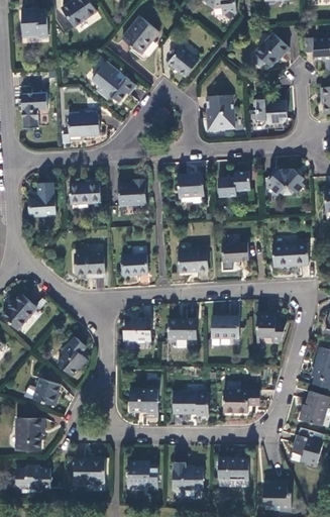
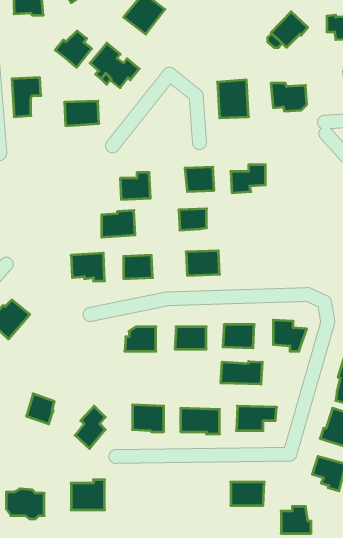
building: [169,46,198,77] -> none
building: none -> [55,31,92,67]
building: [268,169,304,195] -> none
building: [70,180,100,204] -> [102,210,135,237]
building: [27,182,56,217] -> none
building: [222,242,247,262] -> [179,209,207,230]
building: [271,242,309,267] -> none
building: [58,337,85,376] -> [75,406,105,449]
building: none -> [221,361,262,384]
building: [15,418,43,450] -> none
building: [126,462,157,492] -> none
building: [172,463,202,493] -> none

